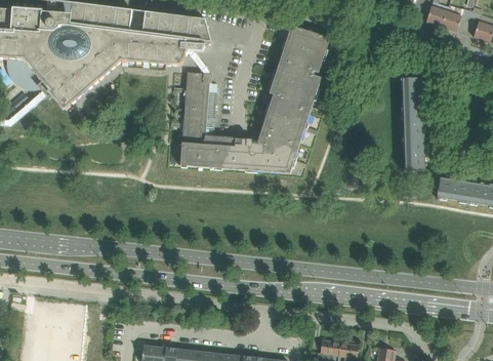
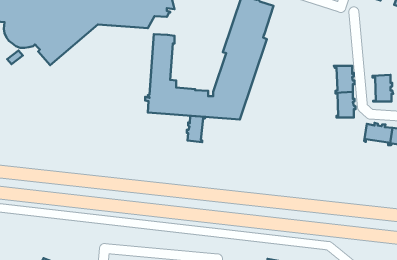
building: [400,77,424,109] -> [372,75,393,102]
building: none -> [187,116,206,142]

